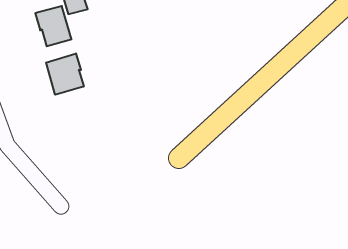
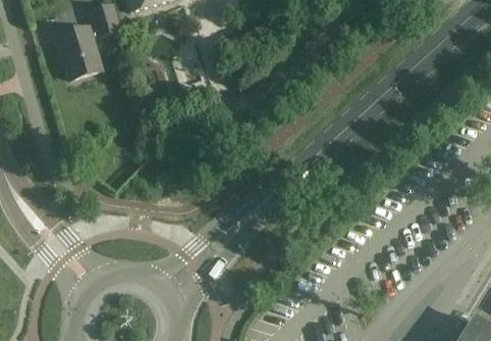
building: [46,53,84,95] -> none

